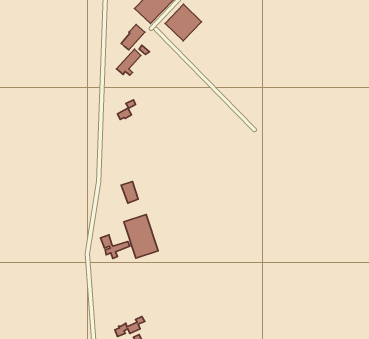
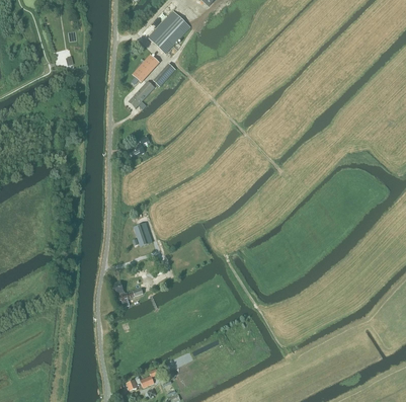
building: [165,4,201,41] -> none
building: [124,214,158,258] -> none

